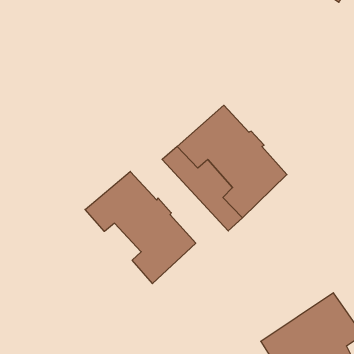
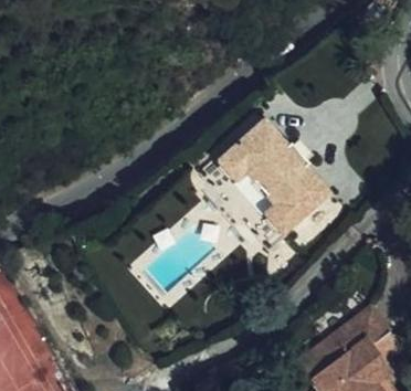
building: [85,171,196,284] -> none

